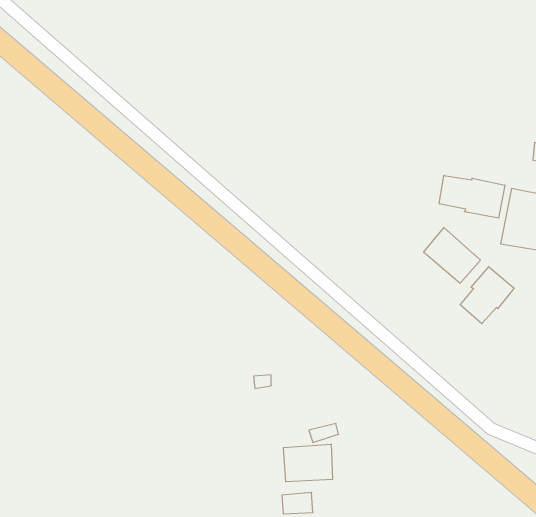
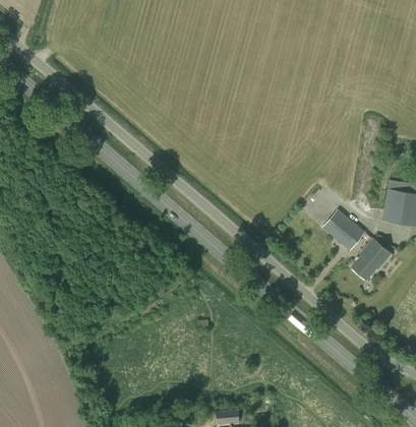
building: [439,175,505,218] -> none
building: [283,444,333,482] -> none

